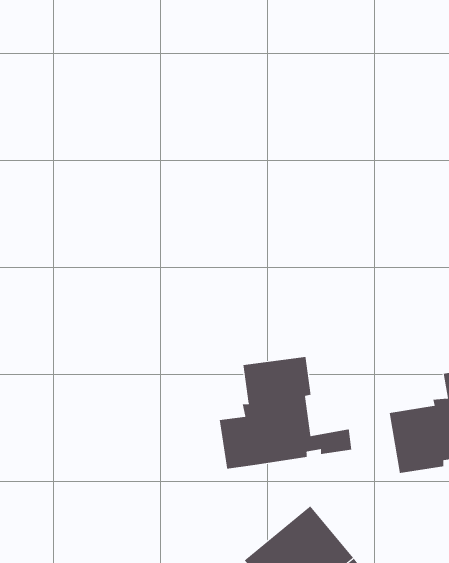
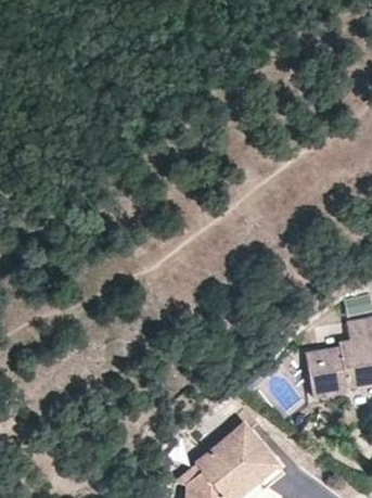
building: [219,356,352,470] -> none

